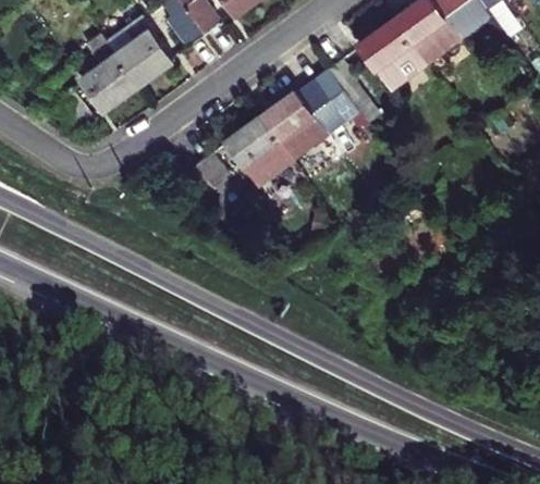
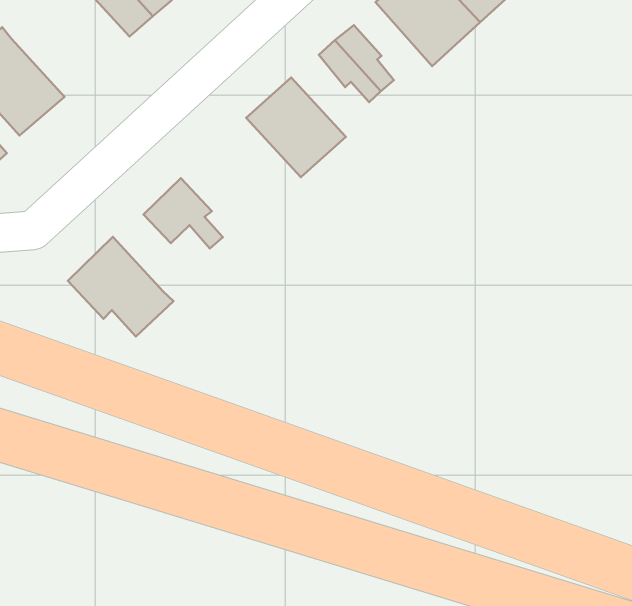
building: [106,28,173,86] -> none
building: [224,114,292,185] -> none
building: none -> [68,237,174,337]

